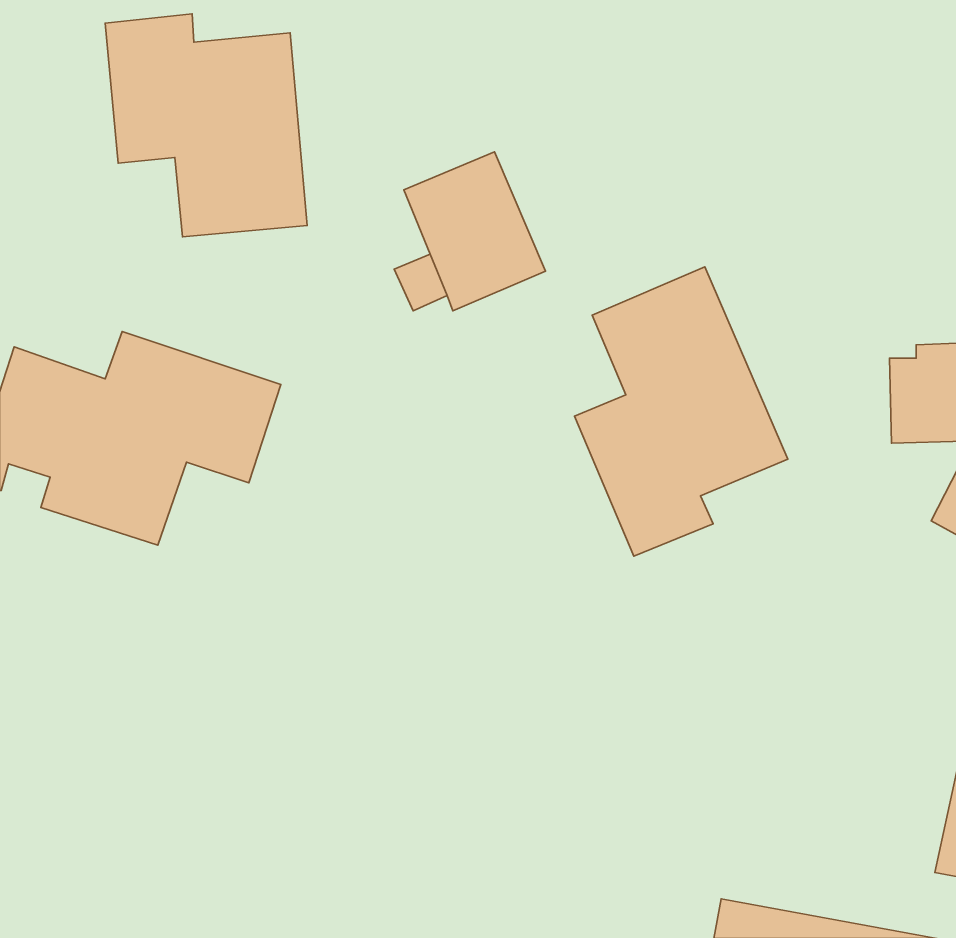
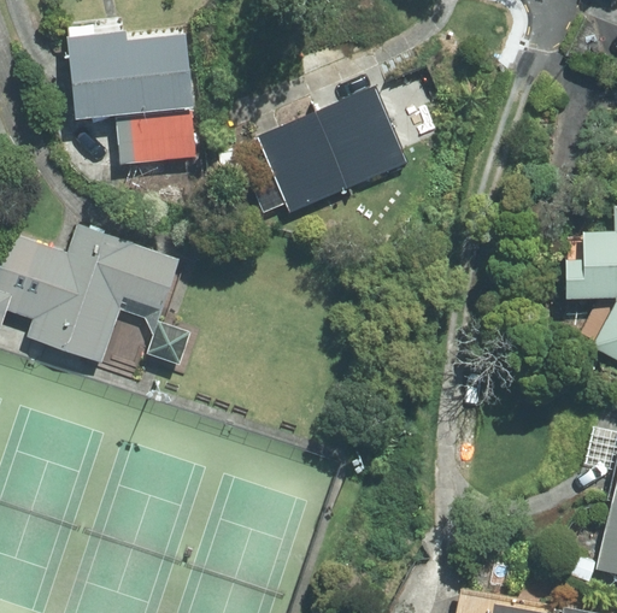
building: none -> [316,87,407,187]
building: [575,267,788,556] -> none

